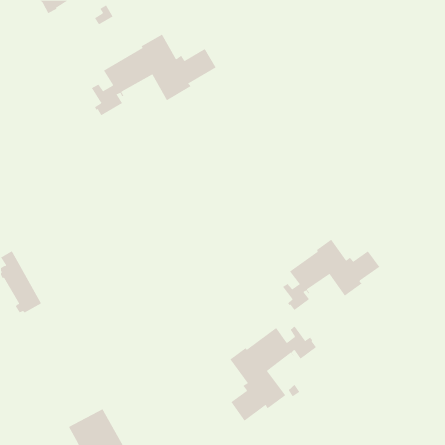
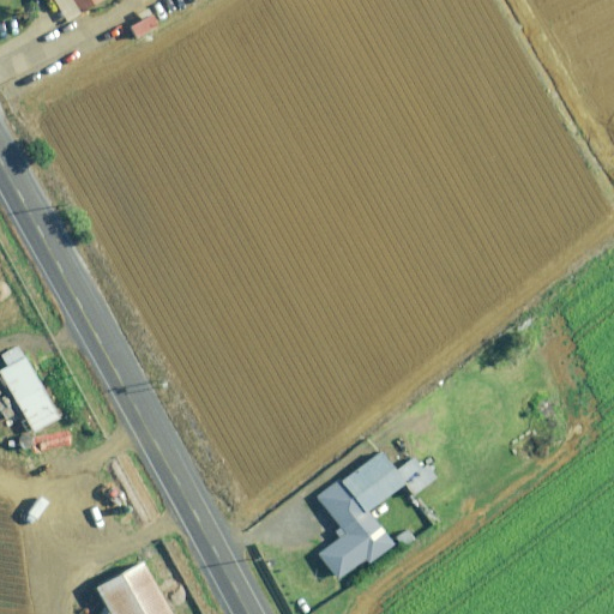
building: [91,34,217,116] -> none
building: [282,239,380,311] -> none

